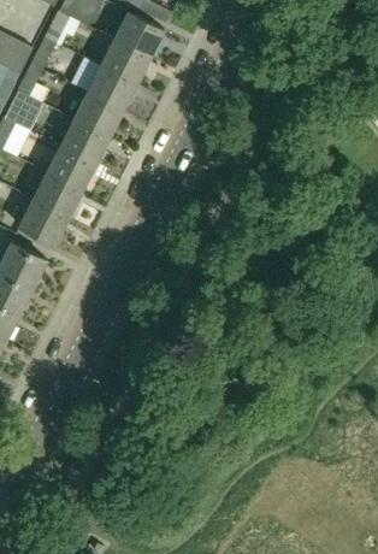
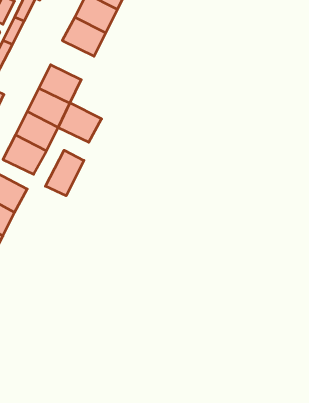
building: [72,94,122,138] -> [58,103,102,142]
building: none -> [45,150,84,196]

